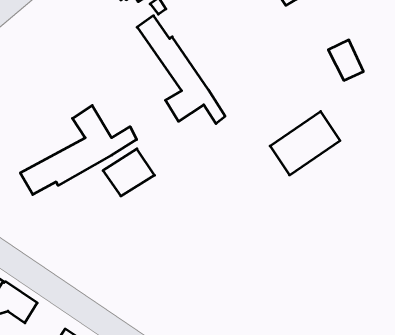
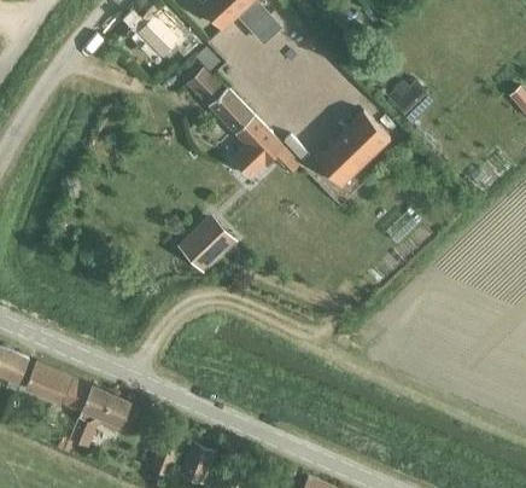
building: [20,105,137,195] -> none
building: [270,111,340,175] -> [314,111,388,186]

